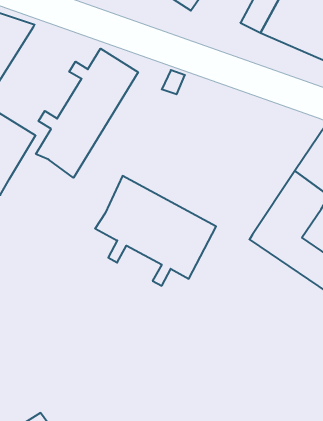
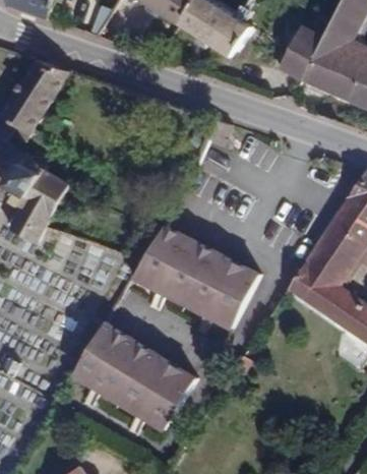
building: [36,49,138,178] -> none
building: none -> [74,323,195,435]

